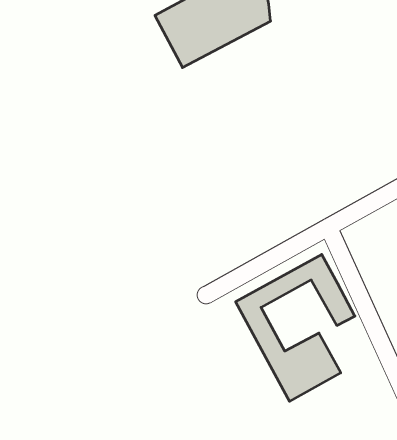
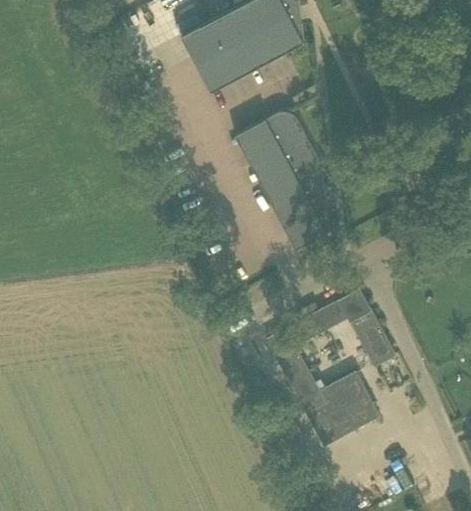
building: none -> [234,112,329,249]

